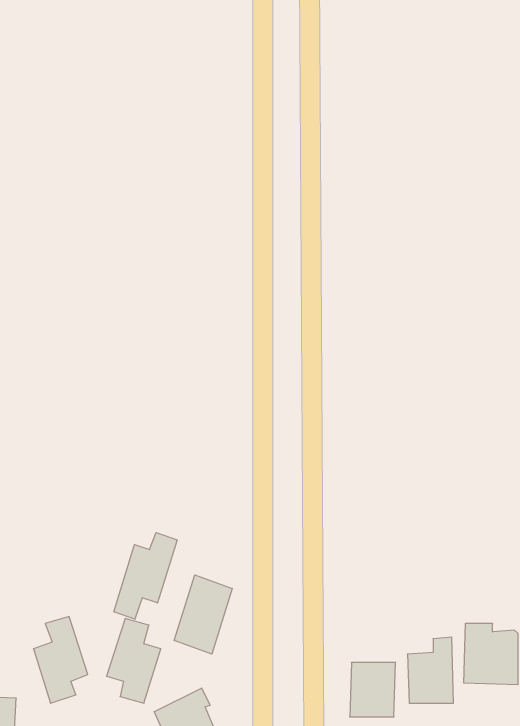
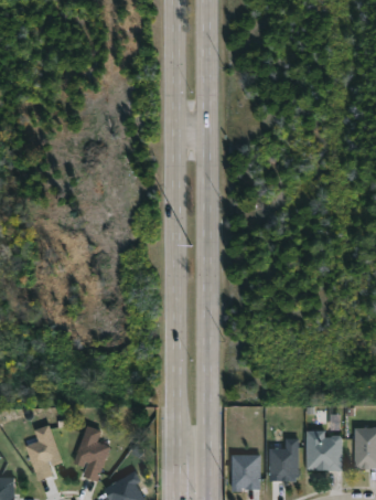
building: [114,533,177,619] -> none
building: [174,575,232,654] -> none

